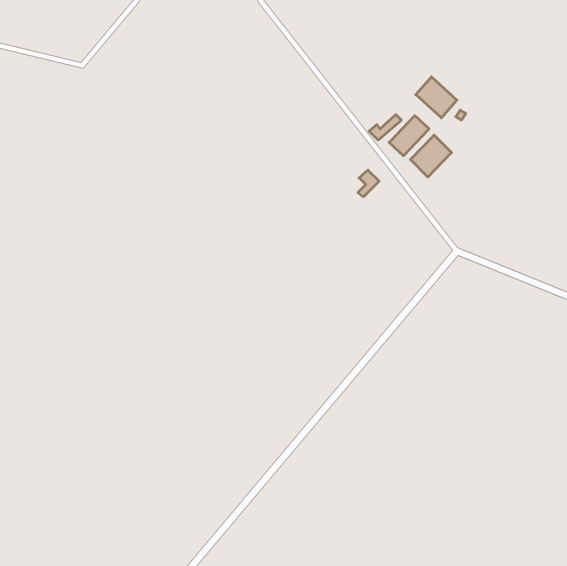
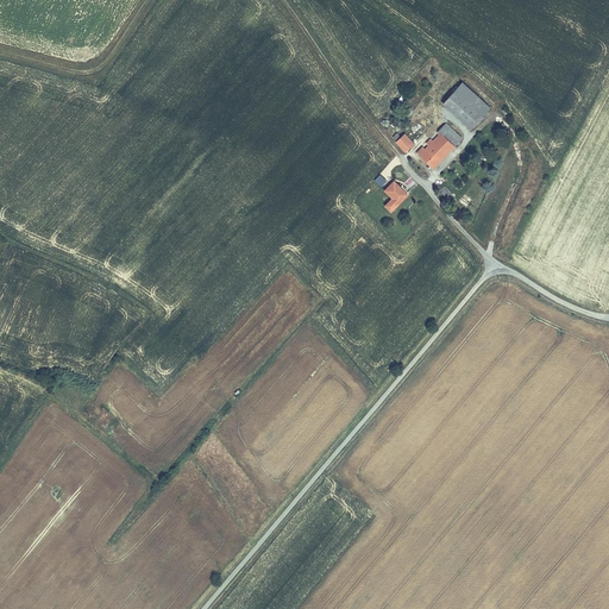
building: [410,135,452,177] -> none

